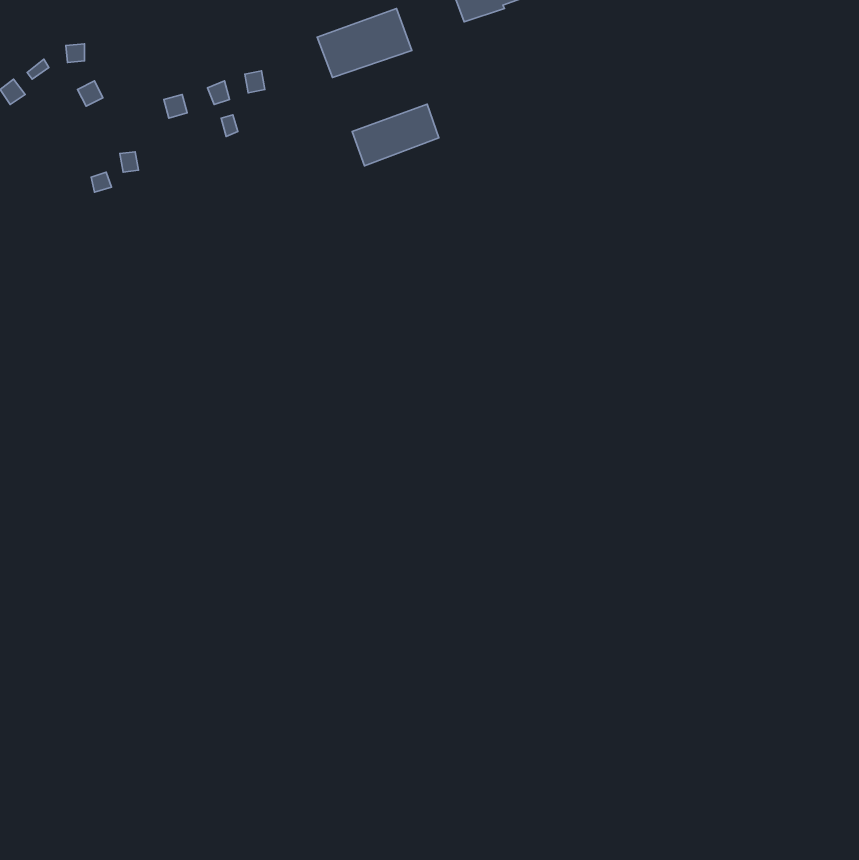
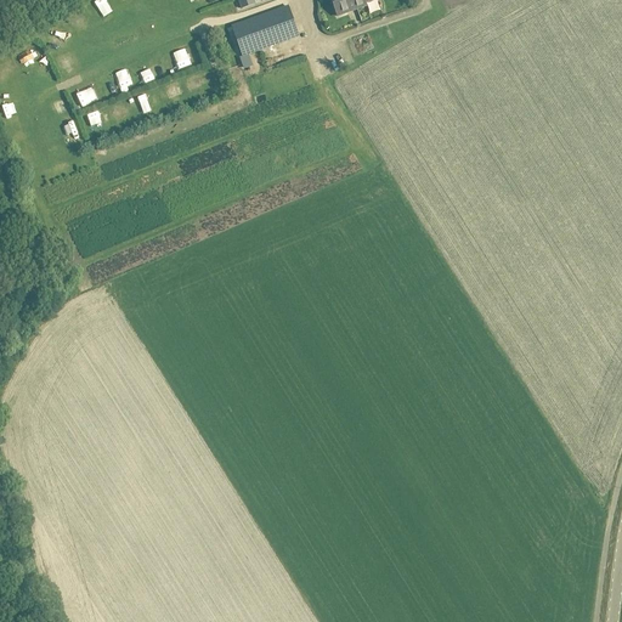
building: [352,104,439,166] -> none

